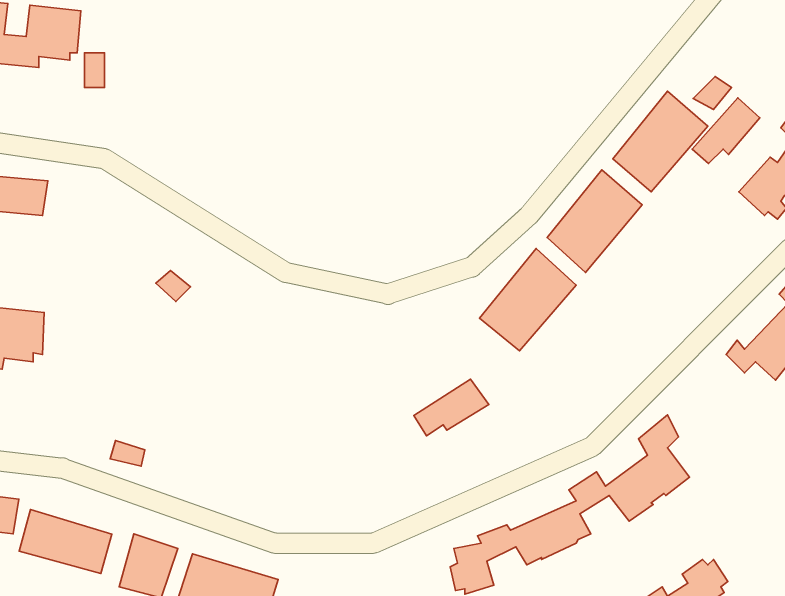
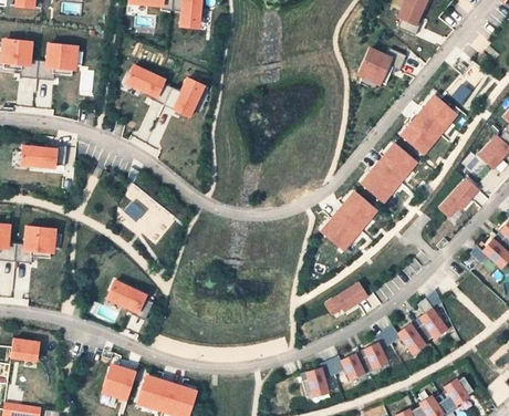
building: none -> [357,46,405,89]
building: none -> [125,64,206,118]
building: [692,98,760,164] -> [438,177,479,217]
building: [414,379,489,436] -> [324,281,370,315]
building: none -> [105,279,153,319]
building: [19,509,112,574] -> none

